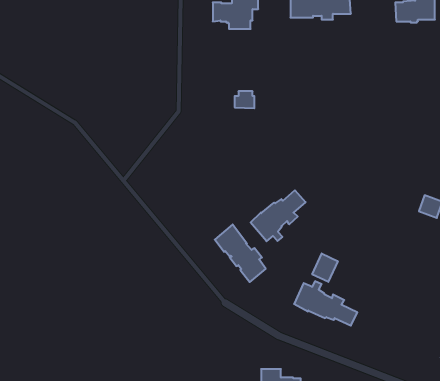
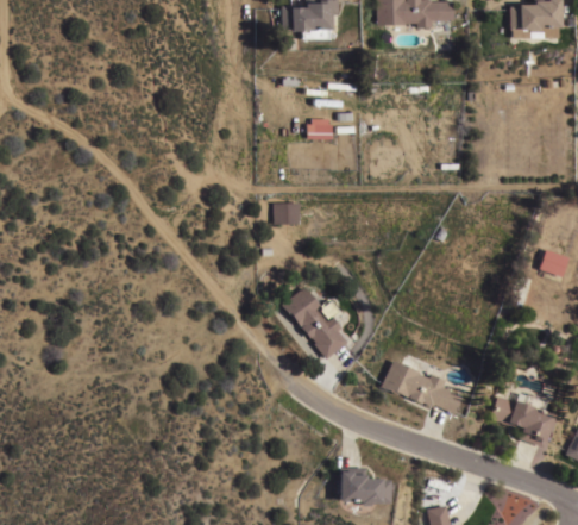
building: none -> [274,202,300,224]
building: [251,190,306,241] -> none
building: [312,253,338,282] -> none
building: none -> [490,393,553,446]

